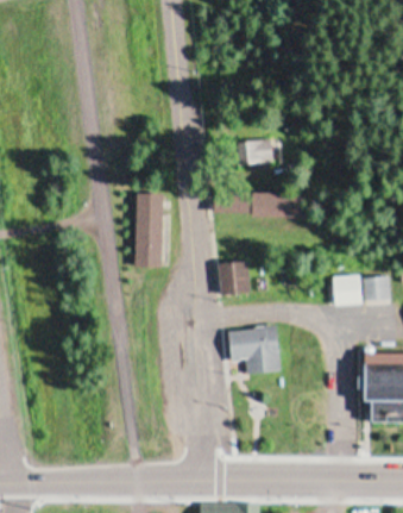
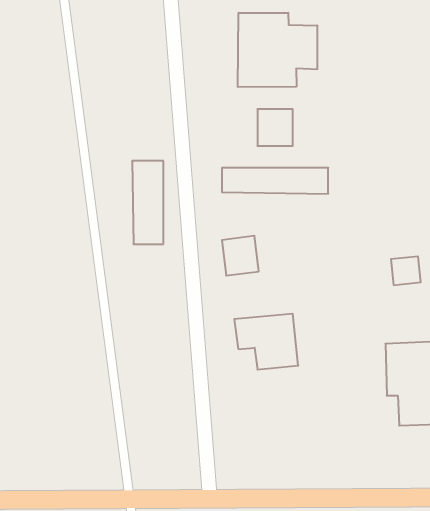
building: none -> [238,13,317,87]
building: [326,275,358,305] -> none

